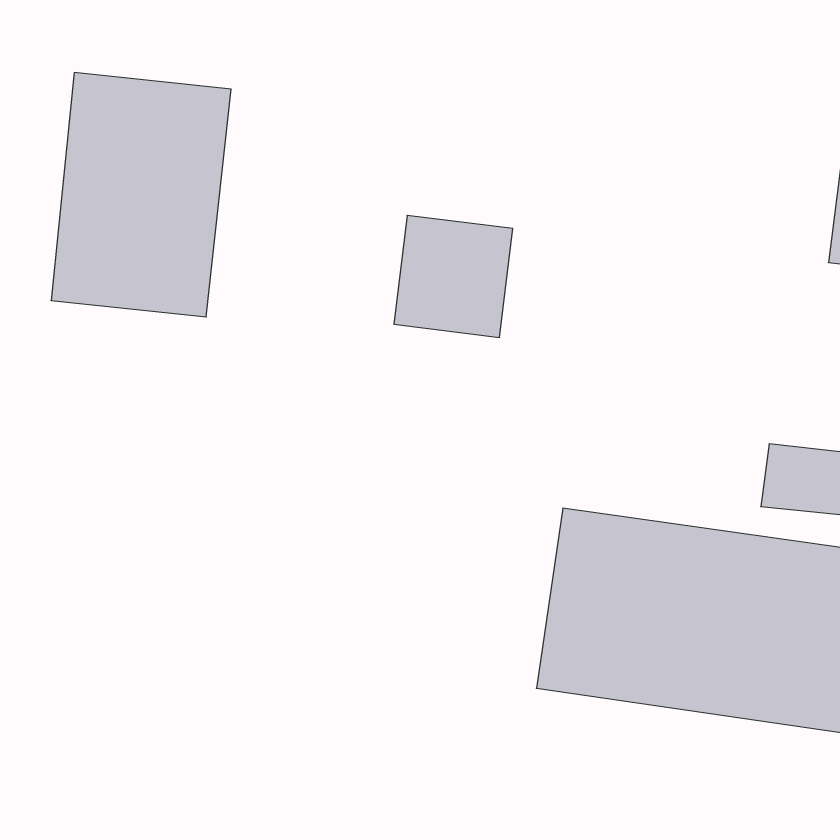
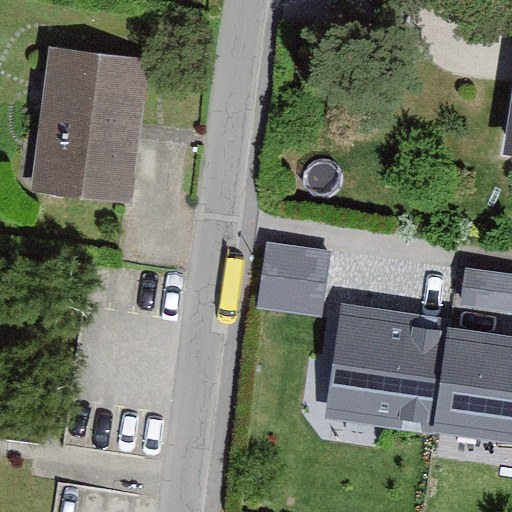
building: [394,215,513,337] -> [259,243,331,317]

